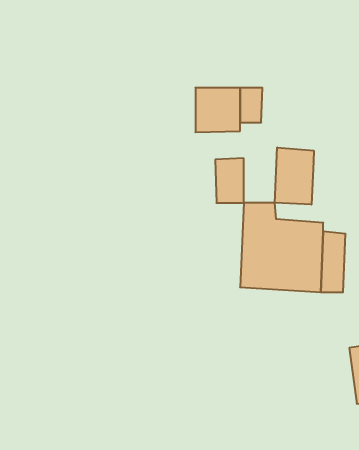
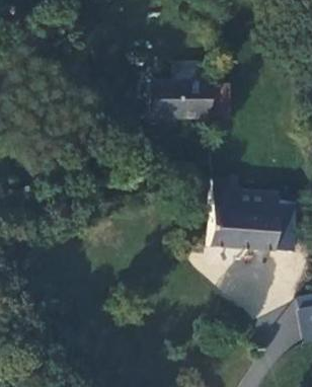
building: [275,147,314,205] -> none
building: [215,158,244,203] -> [147,82,170,119]

